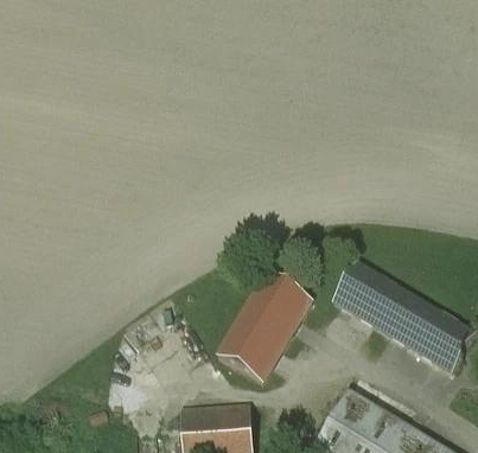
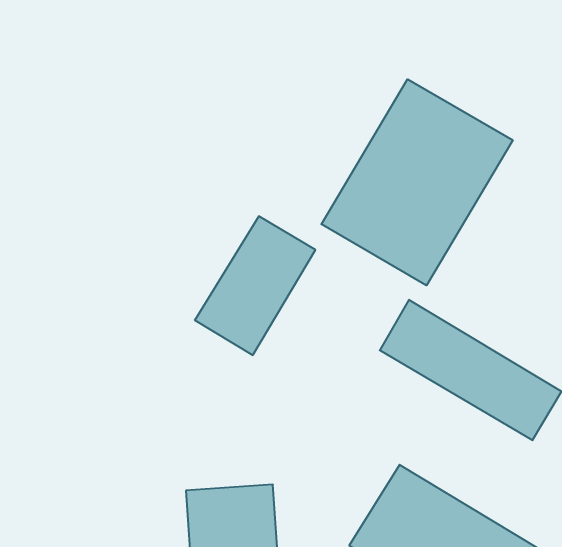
building: none -> [321,79,513,285]
building: [217,272,311,379] -> [195,216,315,355]

